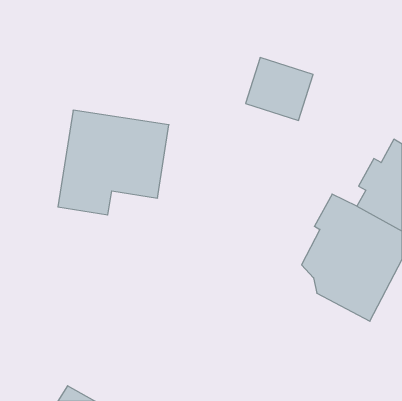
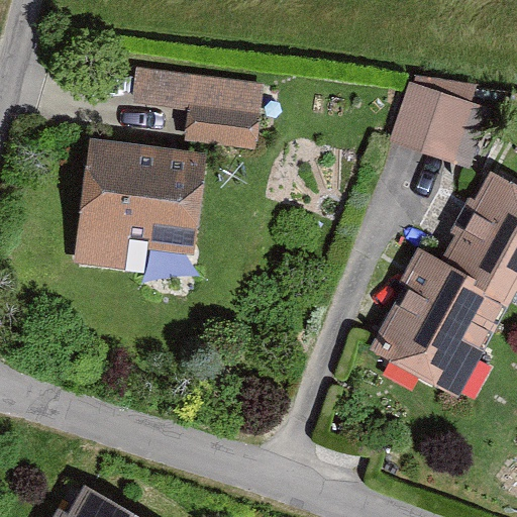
building: none -> [128,66,263,147]
building: [246,58,313,120] -> [391,84,476,163]

